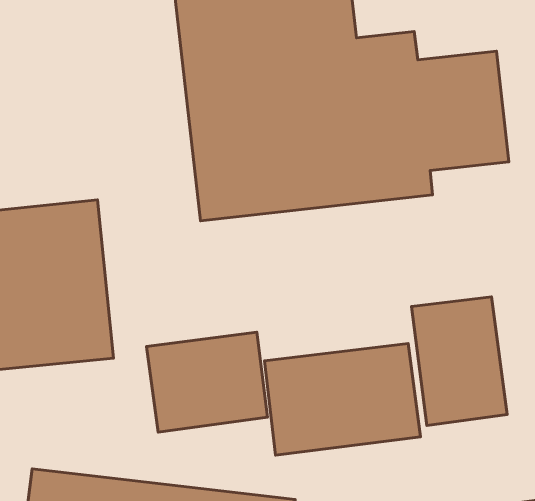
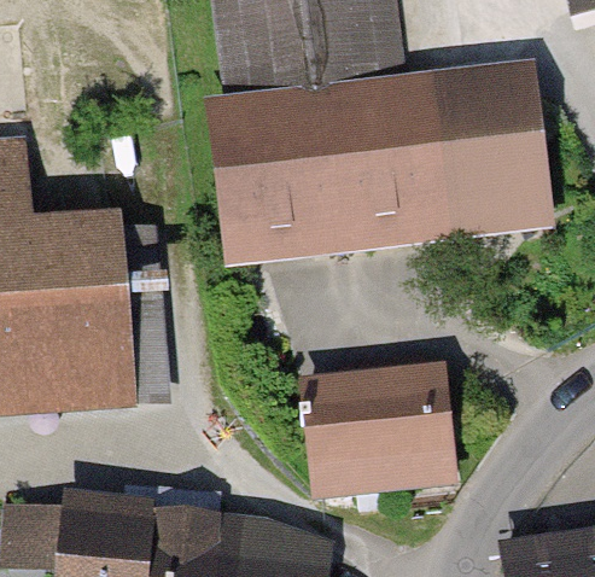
building: [412,297,507,425] -> none
building: [147,332,267,432] -> none

